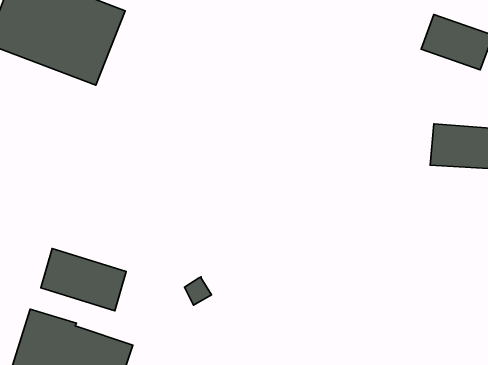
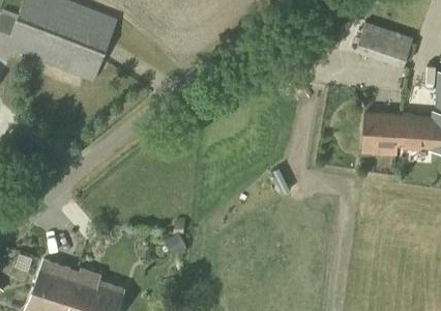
building: [41,249,126,311] -> none

